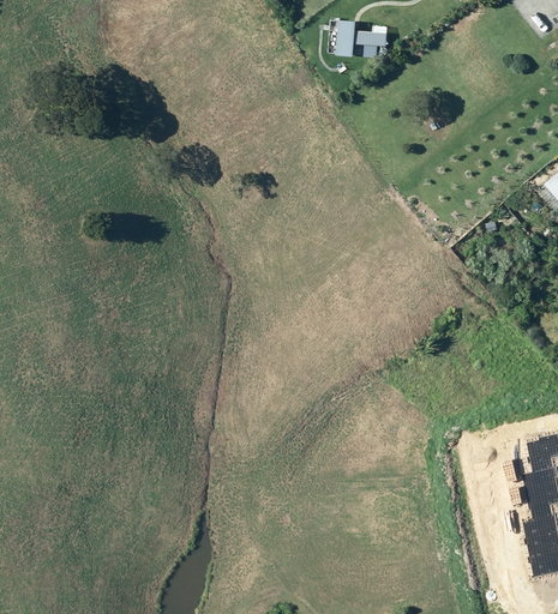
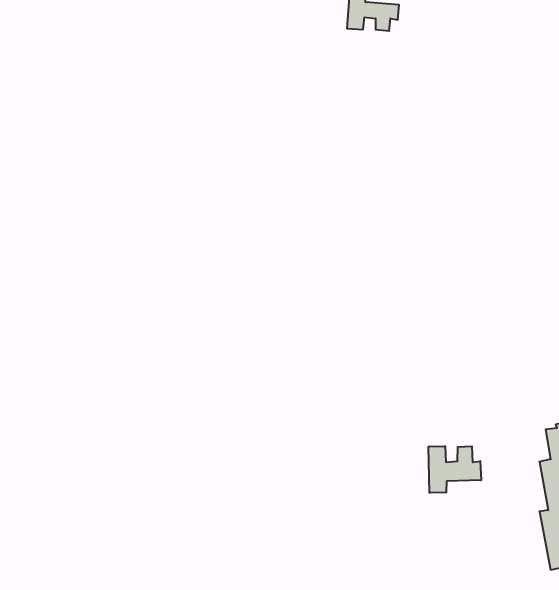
building: none -> [428,446,481,493]

